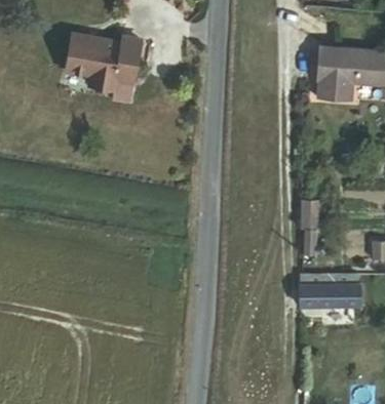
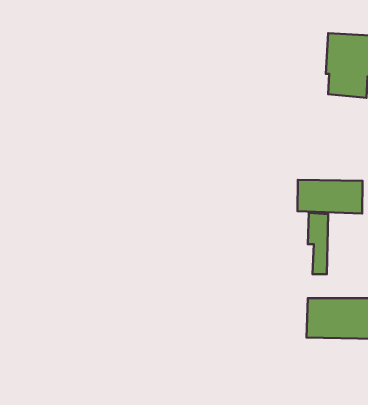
building: [66,31,140,86] -> none
building: none -> [298,180,362,213]

